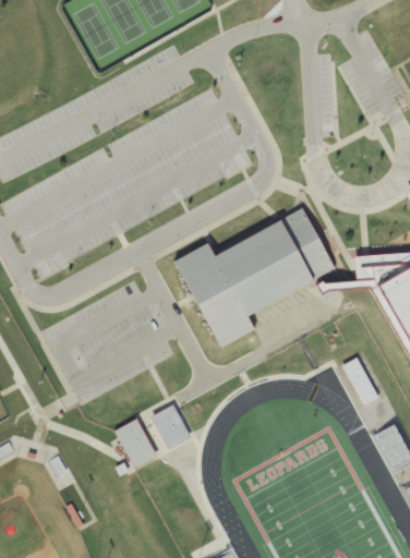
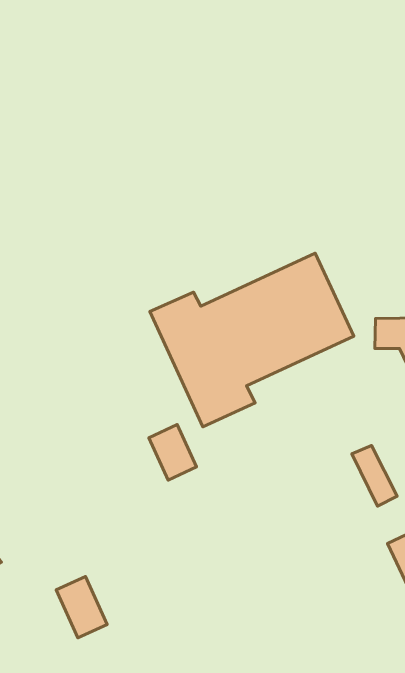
building: [152,403,191,448] -> [149,424,196,480]
building: [114,416,157,465] -> [56,577,107,638]

